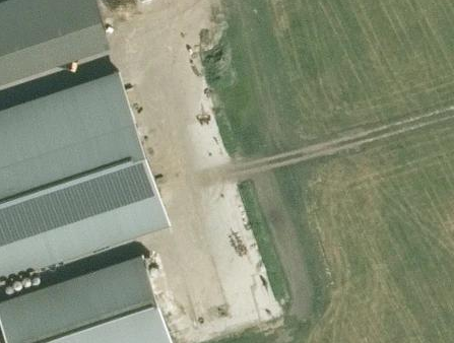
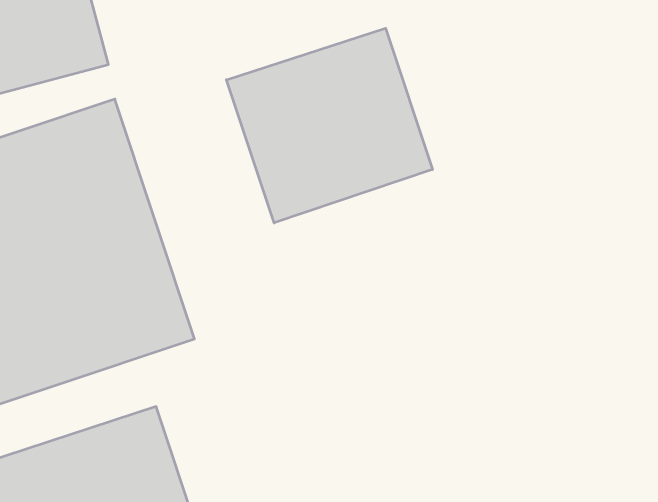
building: none -> [226,28,432,223]

